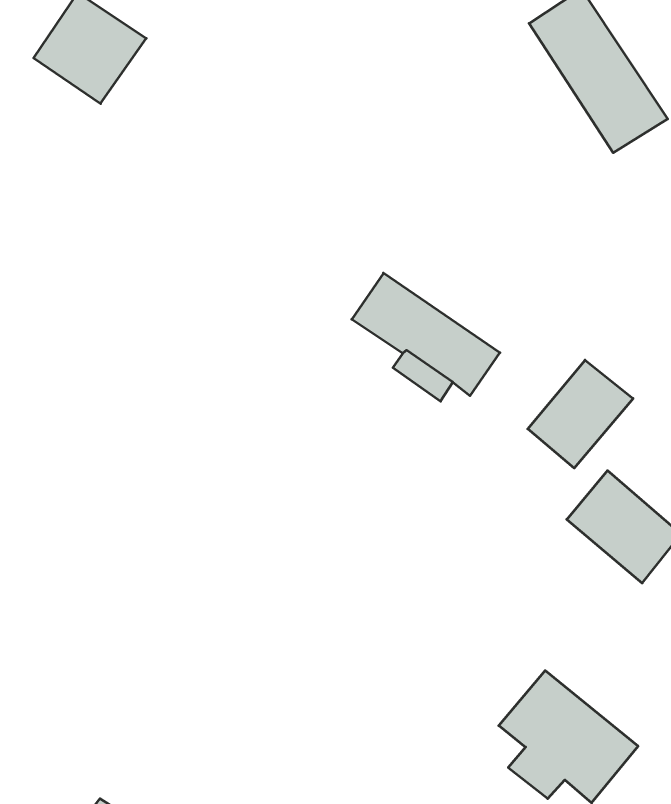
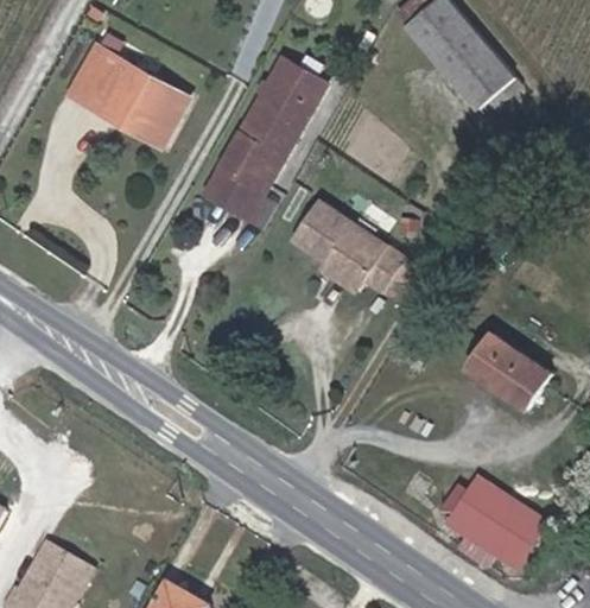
building: none -> [113,63,182,133]
building: none -> [209,64,326,220]
building: [528,360,633,468] -> none

